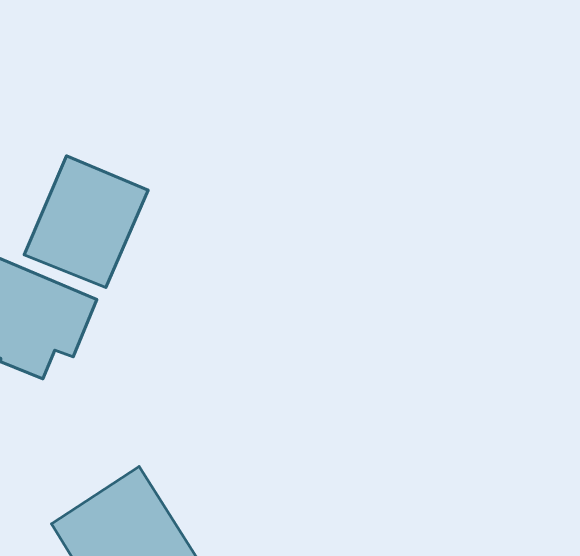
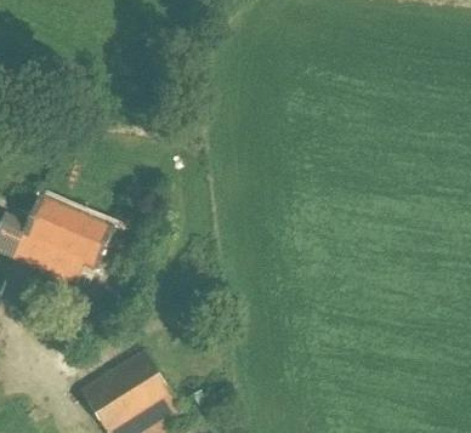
building: [24,156,148,287] -> none

